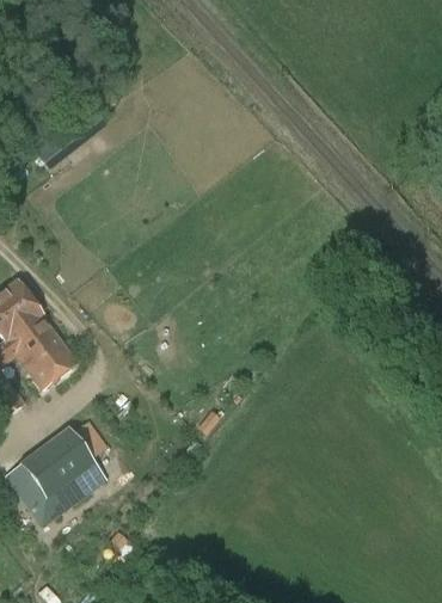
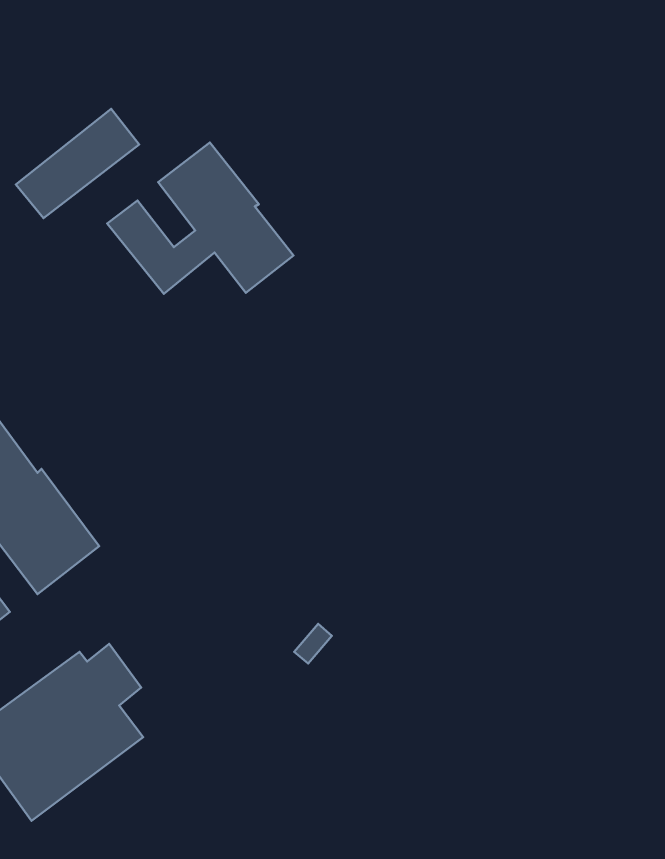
building: none -> [107,143,294,294]

